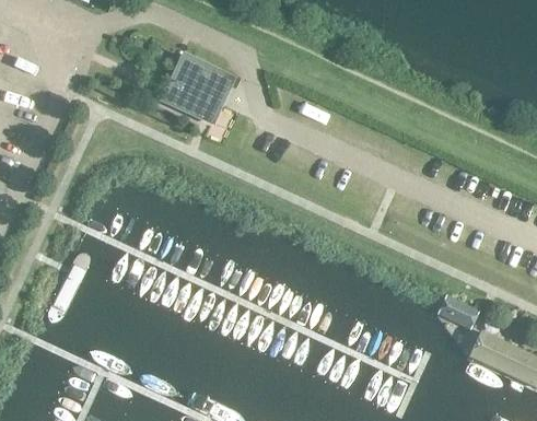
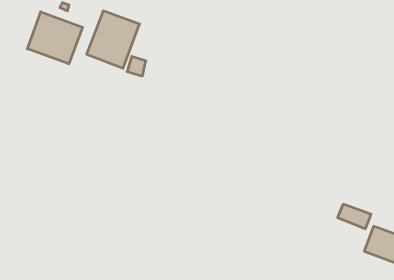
building: none -> [27,12,83,64]

